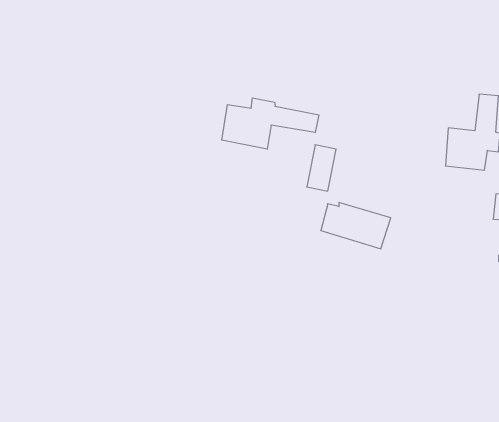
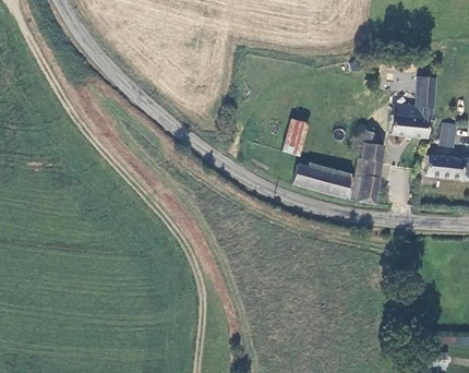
building: [222,98,319,149] -> none
building: none -> [353,128,386,205]

